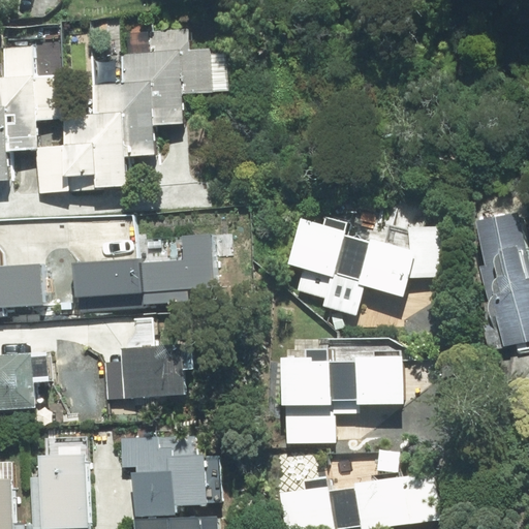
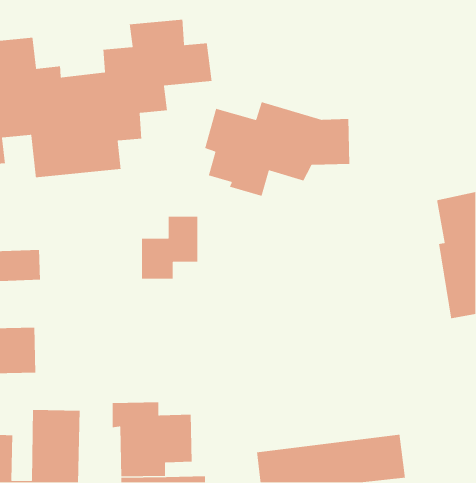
building: [290,211,449,315] -> [204,101,350,197]
building: [67,262,145,301] -> none
building: [269,336,406,452] -> none
building: [112,342,190,399] -> none

